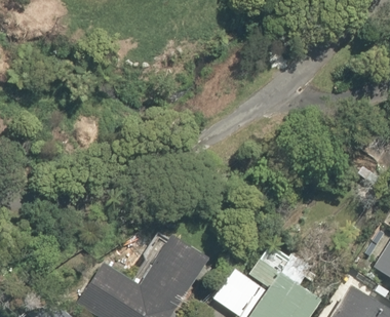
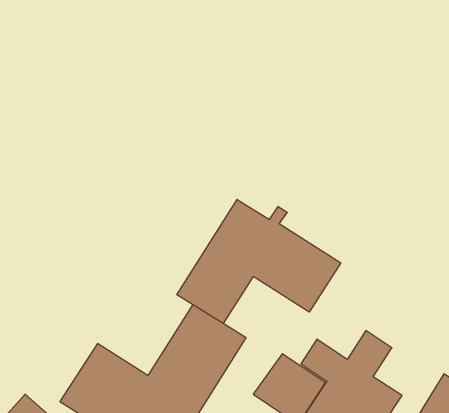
building: none -> [177,199,341,323]

